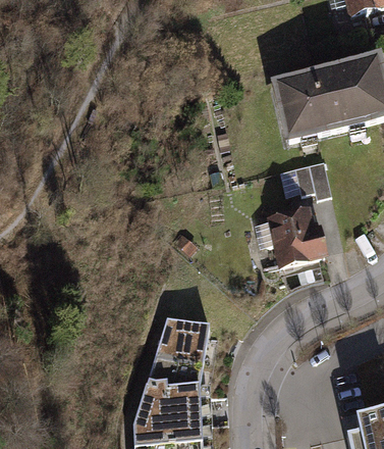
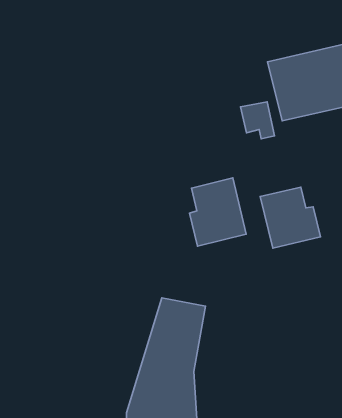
building: [294,158,328,195] -> [240,102,275,139]
building: none -> [190,178,246,246]

